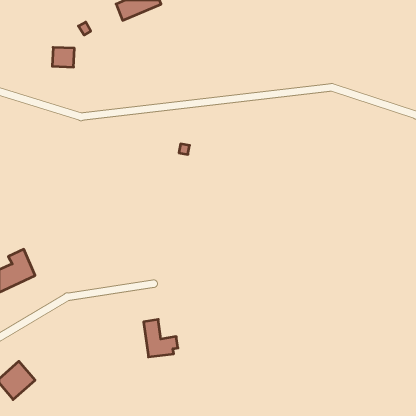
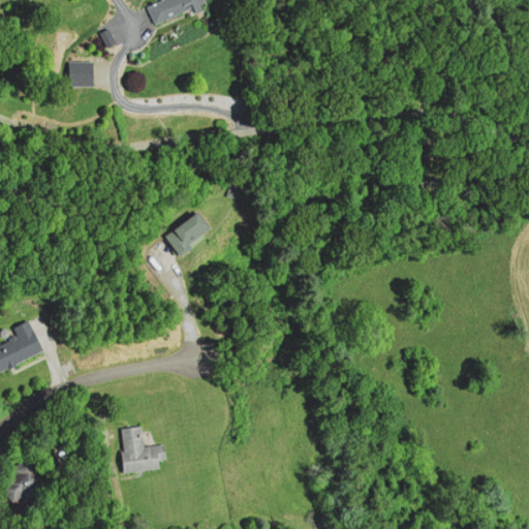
building: none -> [164,212,210,259]
building: [144,319,178,357] -> [122,424,165,471]

